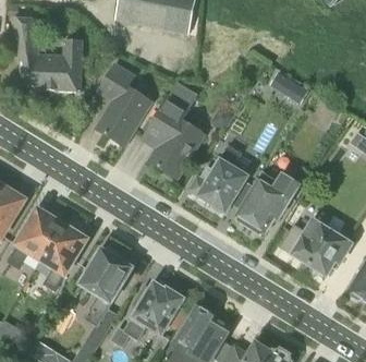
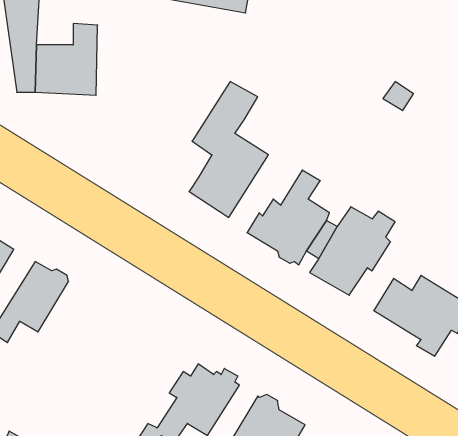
building: [94,63,172,146] -> none
building: [39,225,86,290] -> none
building: [78,248,132,326] -> none

